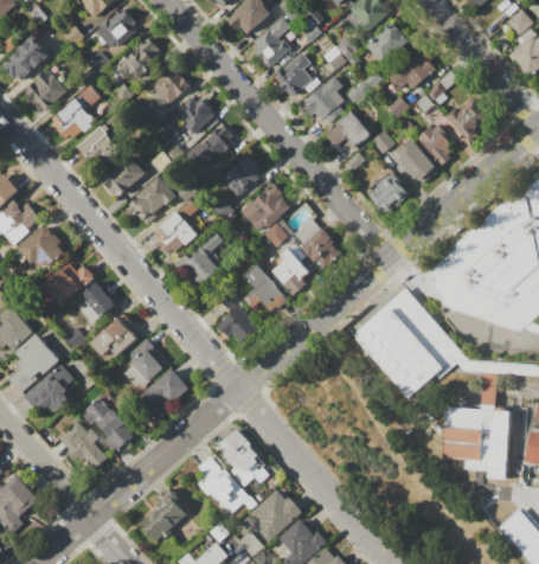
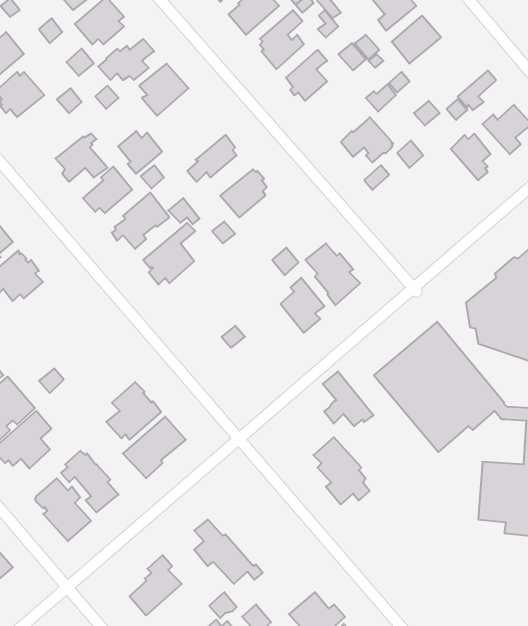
building: [389,50,434,89] -> none
building: [301,77,345,124] -> none
building: [177,97,214,134] -> [118,131,162,174]
building: [52,100,94,139] -> none
building: [396,139,437,182] -> none
building: [367,173,409,214] -> none
building: [240,184,291,231] -> none
building: [173,230,223,291] -> none
building: [41,263,95,307] -> none
building: [243,264,287,312] -> [323,371,374,426]
building: [82,283,116,325] -> none
building: [217,307,257,344] -> none
building: [89,314,137,357] -> none
building: [219,429,268,487] -> [313,437,370,504]
building: [251,491,301,541] -> none

